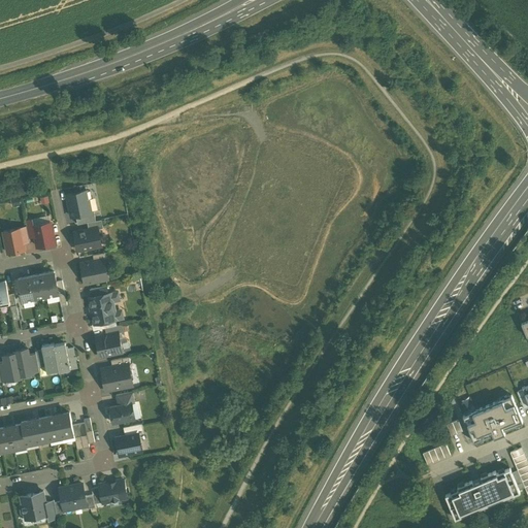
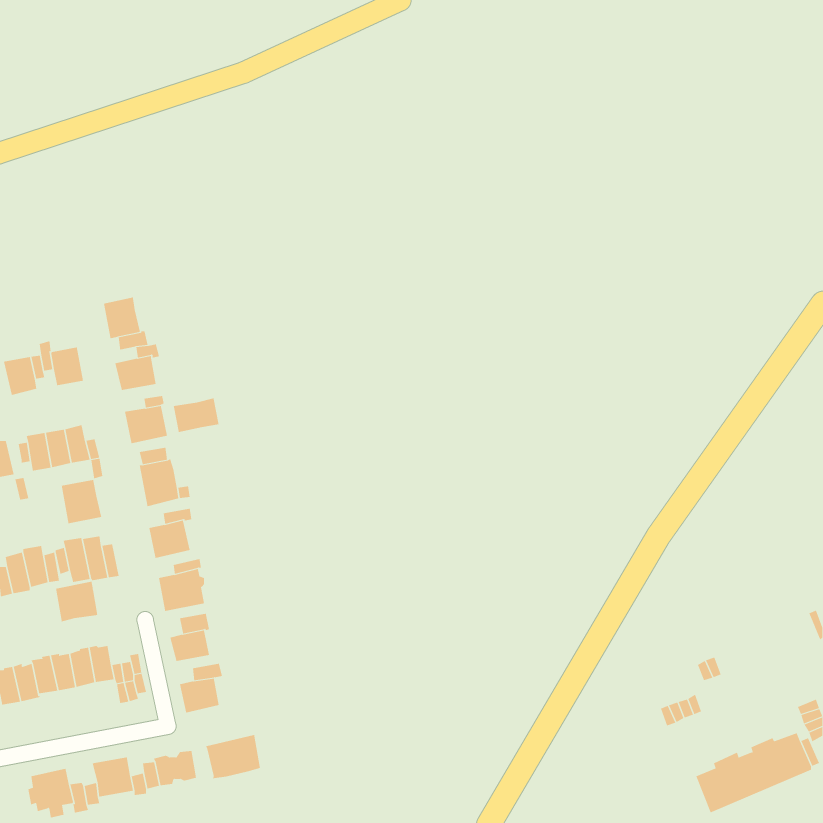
building: none -> [173,398,219,433]
building: none -> [61,479,102,524]
building: none -> [56,581,98,622]
building: [462,396,522,443] -> none
building: none -> [205,734,260,779]

